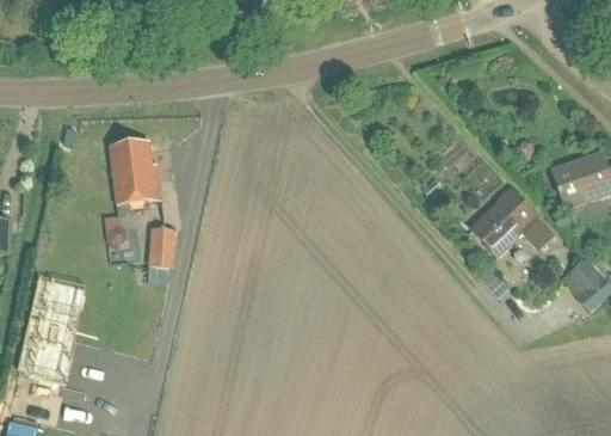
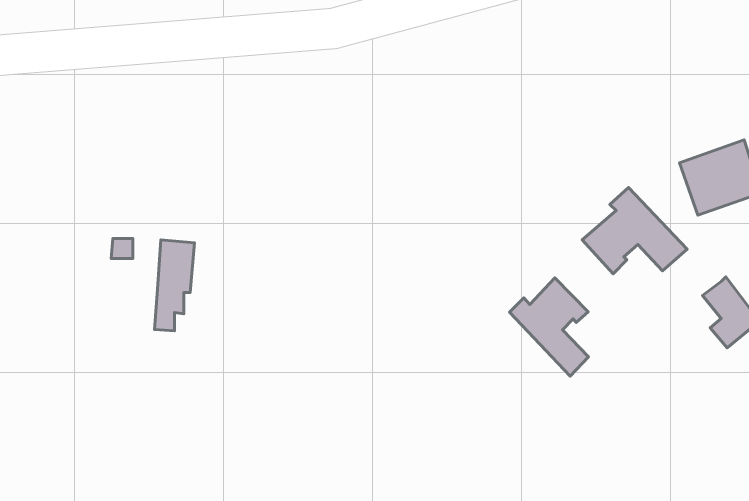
building: [111,139,160,202] -> none
building: none -> [509,278,588,376]

